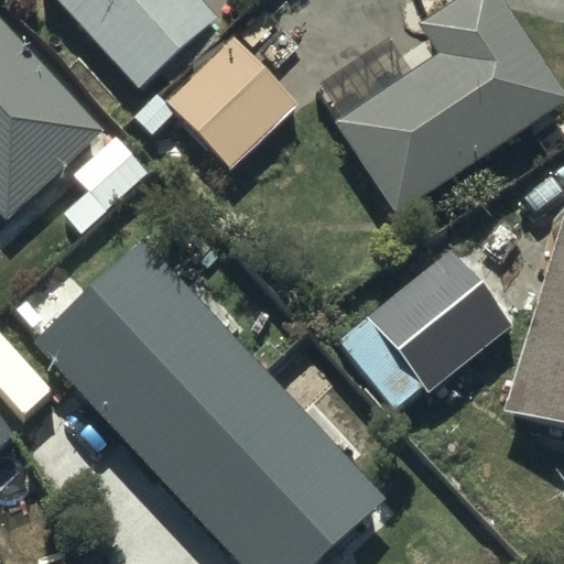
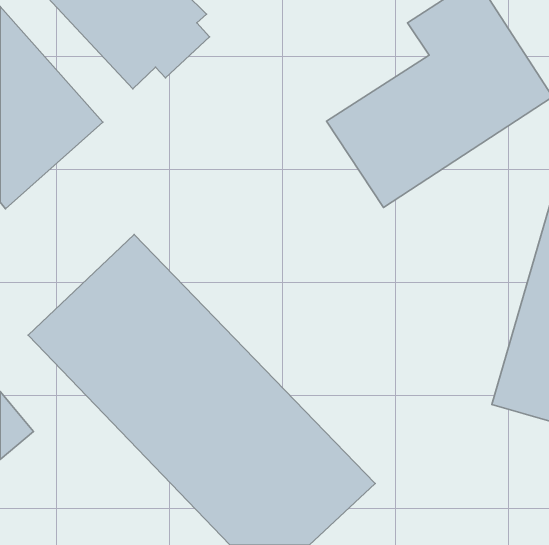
building: [135,40,294,169] -> none
building: [335,263,487,411] -> none

